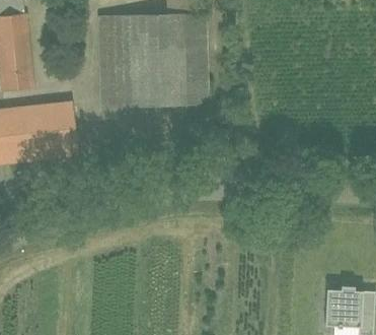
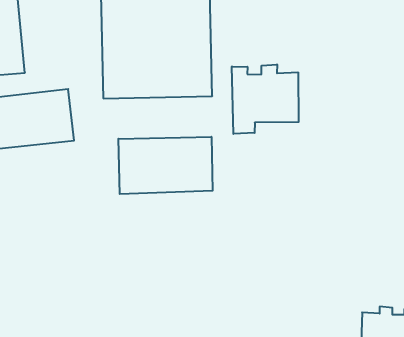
building: none -> [232,64,299,134]
building: none -> [118,137,213,194]

